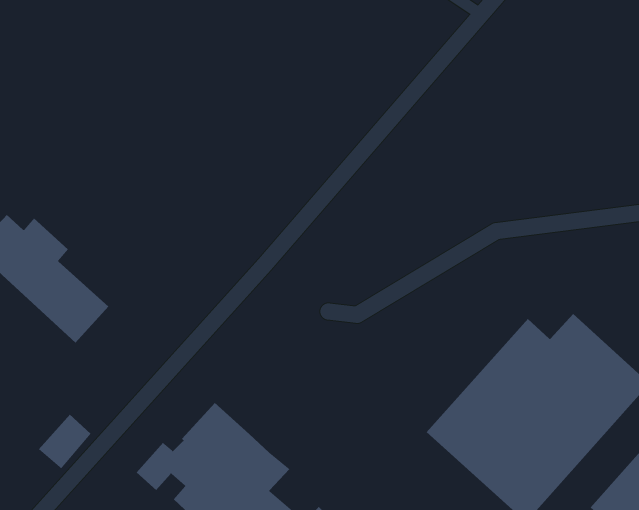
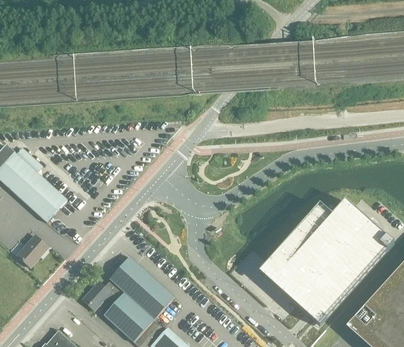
building: [38,414,92,469] -> [16,235,48,268]

